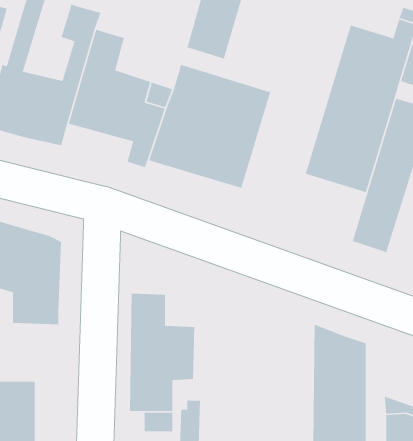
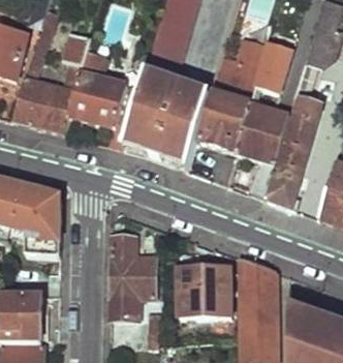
building: none -> [198,38,267,151]
building: none -> [180,269,231,317]

